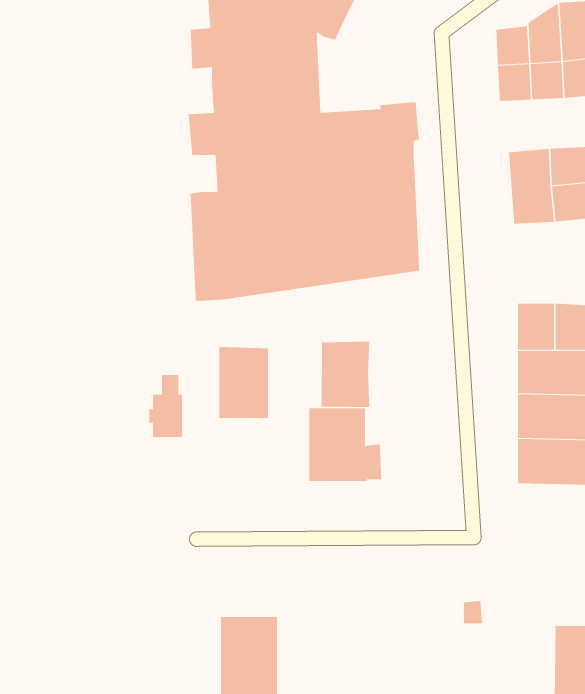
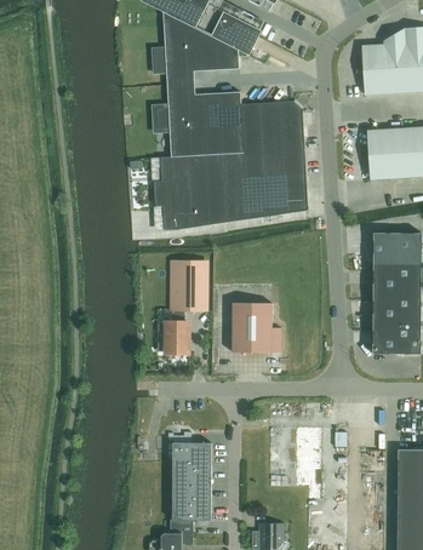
building: [321,341,370,408] -> none
building: [149,374,183,438] -> [165,309,188,351]

